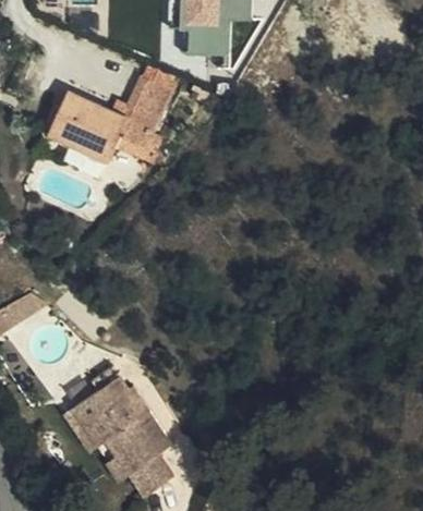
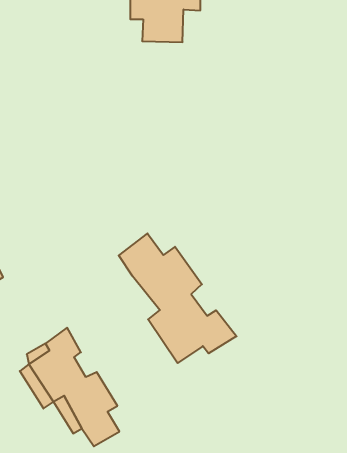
building: [56,74,172,157] -> none
building: none -> [119,233,237,363]

